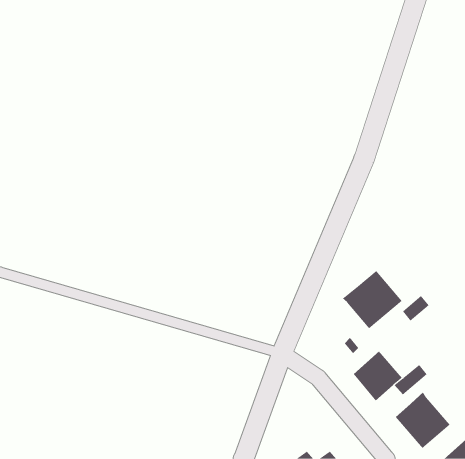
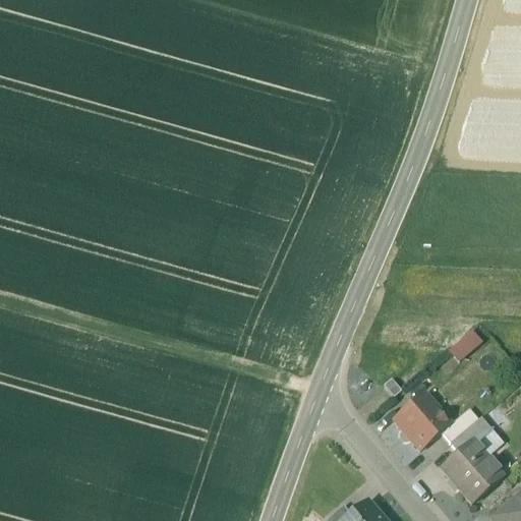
building: [342,270,403,329] -> none
building: none -> [451,415,494,451]

